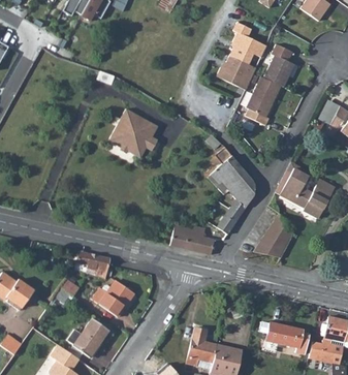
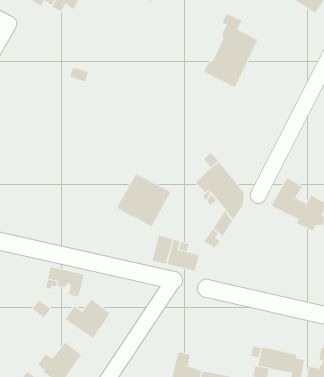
building: [246,53,295,124] -> none
building: [106,108,156,157] -> [116,173,171,227]
building: [253,213,294,257] -> none

